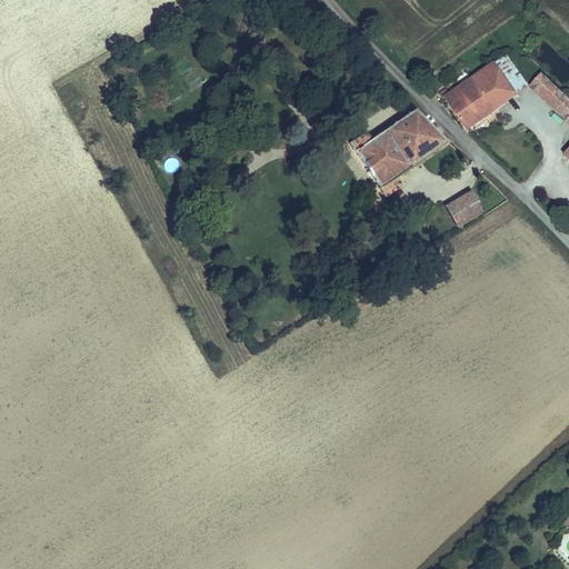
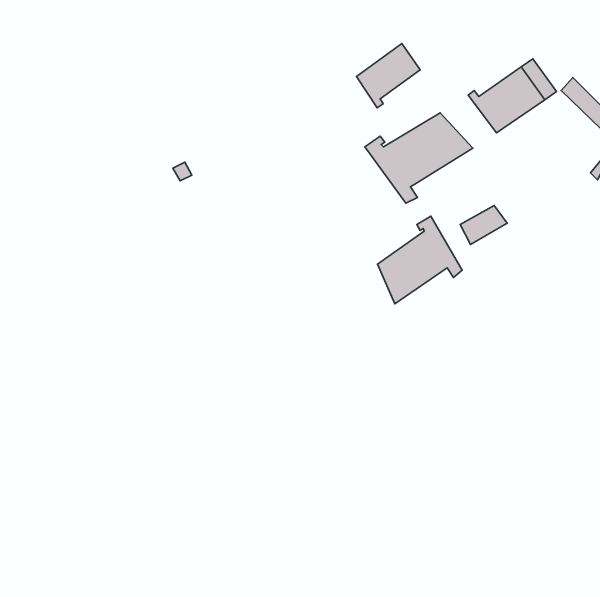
building: none -> [357,43,420,108]
building: none -> [378,216,462,304]

